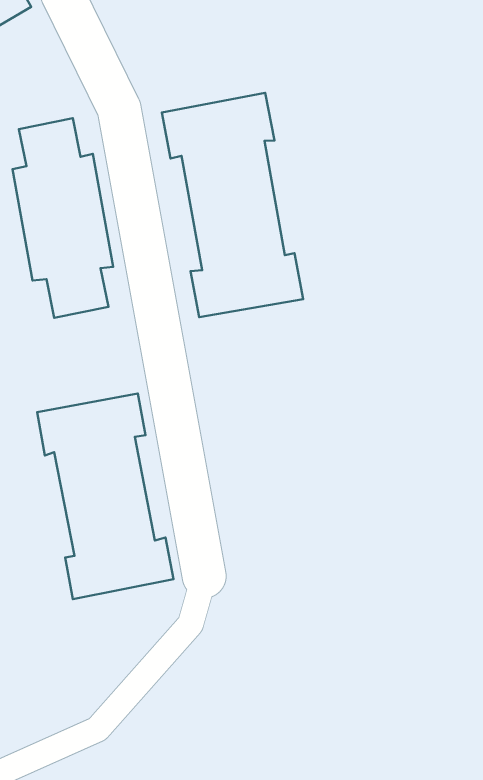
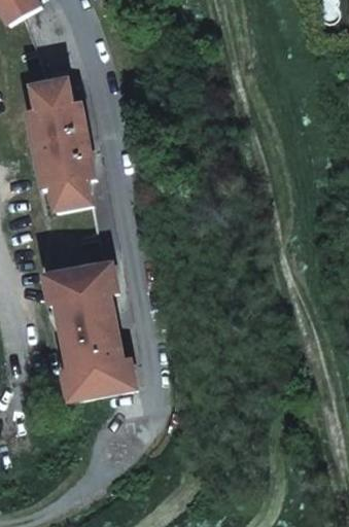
building: [162,93,303,317] -> none

